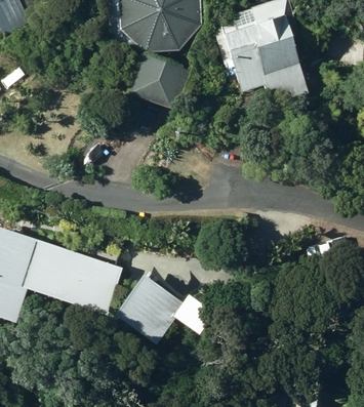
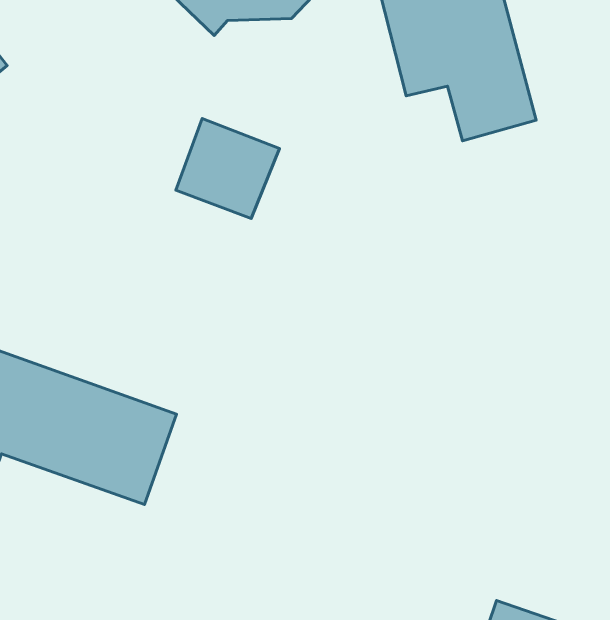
building: [130,53,187,108] -> [176,118,280,218]
building: [116,275,183,340] -> none

